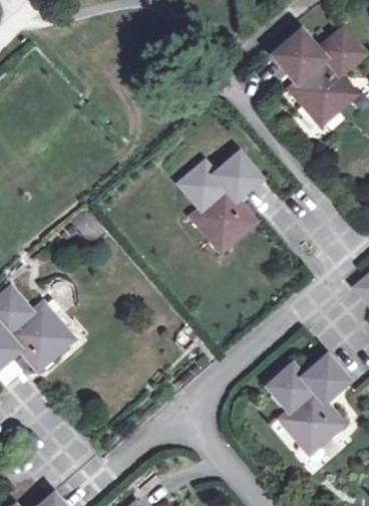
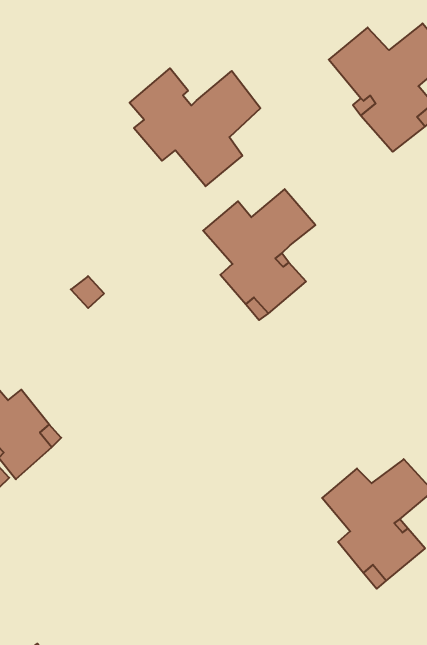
building: none -> [130,68,260,186]

